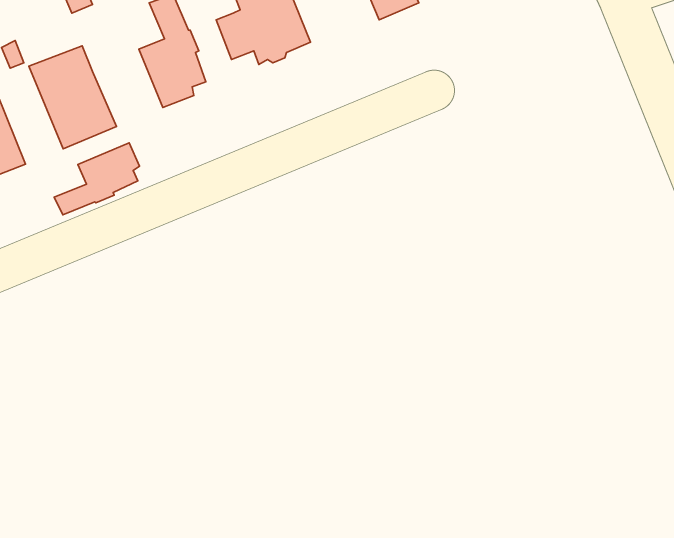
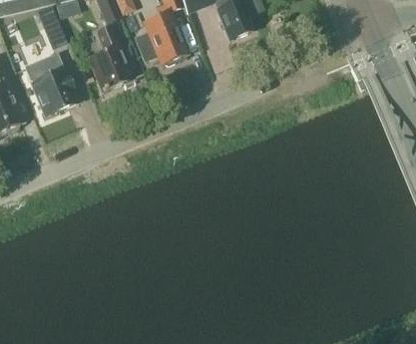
building: [54,143,140,215] -> none

